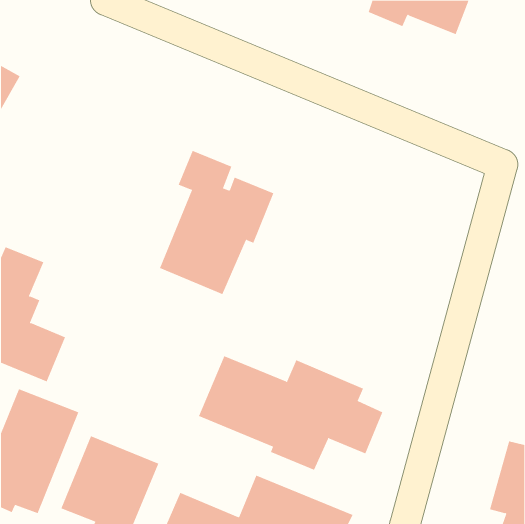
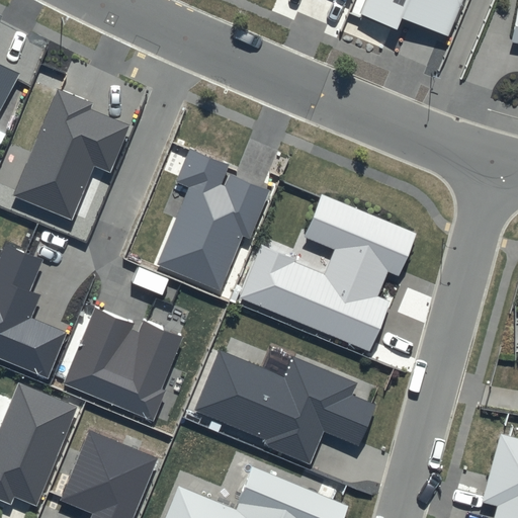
building: none -> [12,89,131,222]
building: none -> [240,194,417,352]
building: none -> [64,308,183,423]

